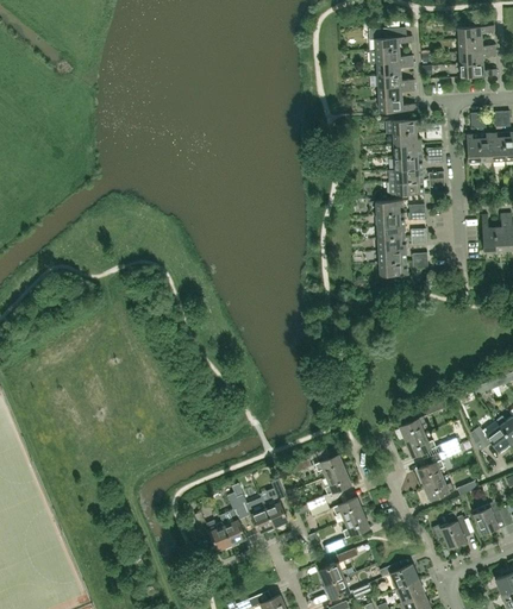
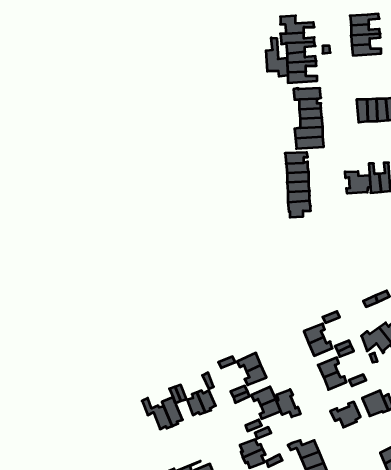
building: none -> [266,38,288,76]
building: none -> [345,171,370,193]
building: none -> [277,389,300,417]

